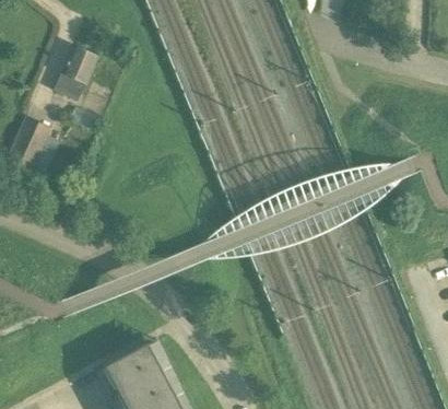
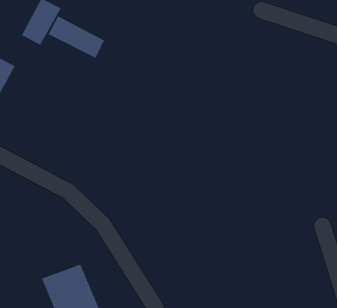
building: none -> [48,16,105,59]

